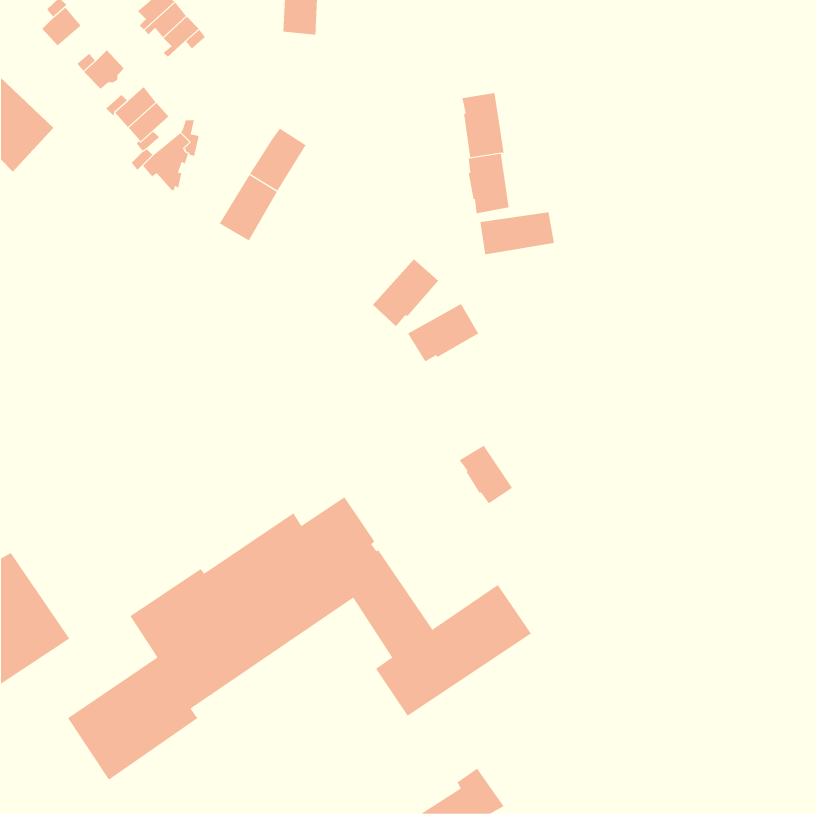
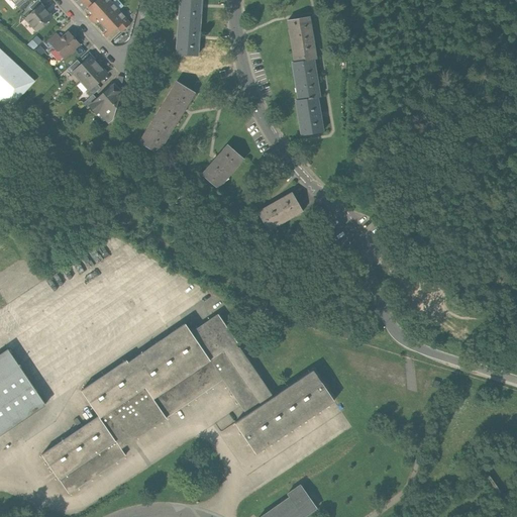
building: none -> [288,16,316,62]
building: none -> [176,20,200,55]
building: [480,211,554,255] -> none
building: [372,259,439,327] -> [202,144,244,188]
building: [459,445,513,504] -> none

